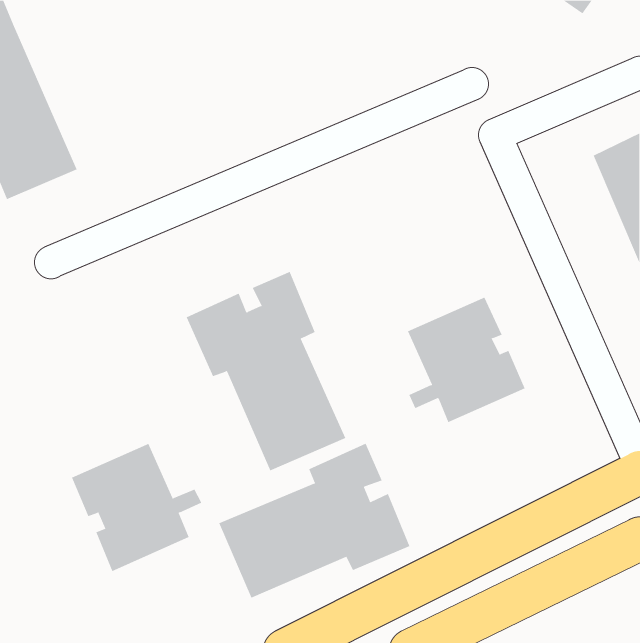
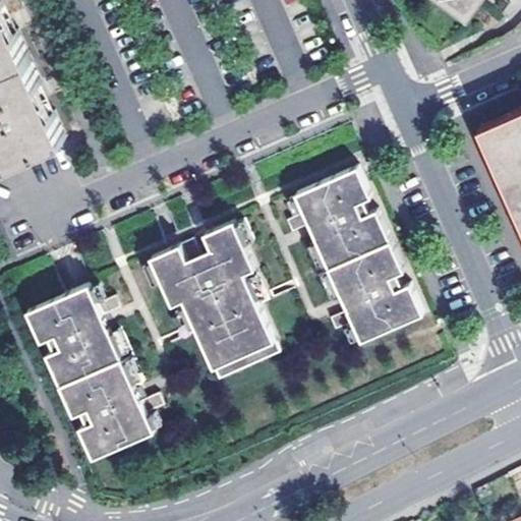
building: none -> [284,168,388,271]
building: none -> [24,287,119,388]
building: [219,443,410,598] -> none

